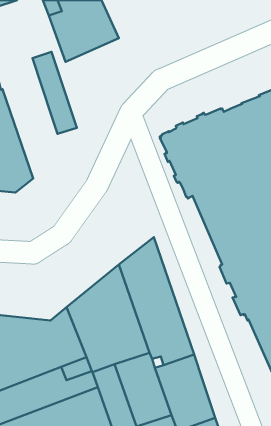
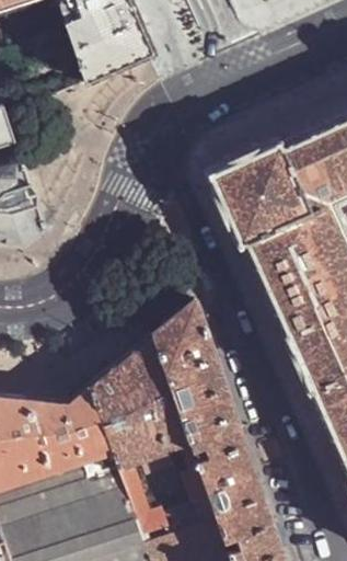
building: [32,52,77,134] -> none

